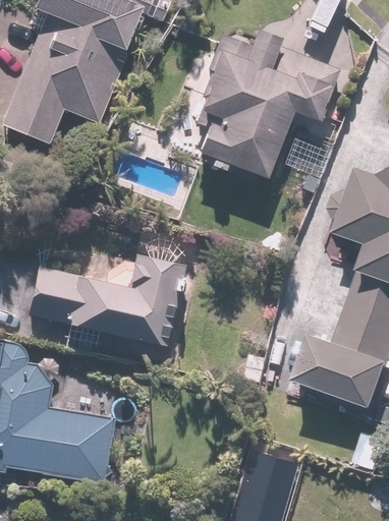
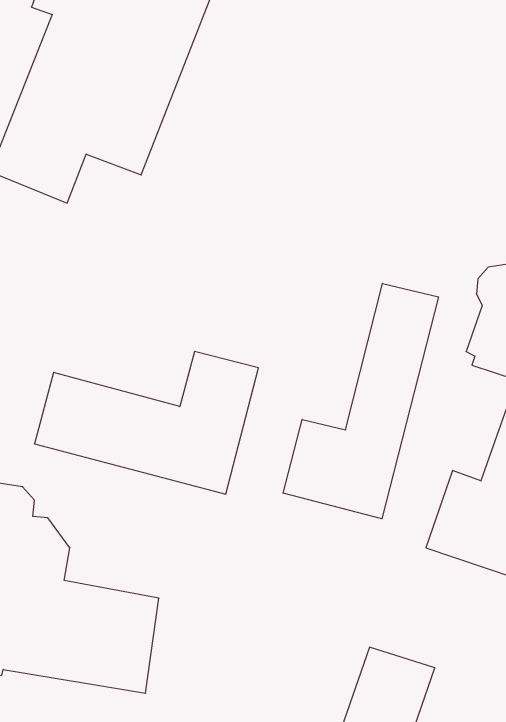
building: [193,26,340,176] -> none
building: none -> [283,283,439,519]

